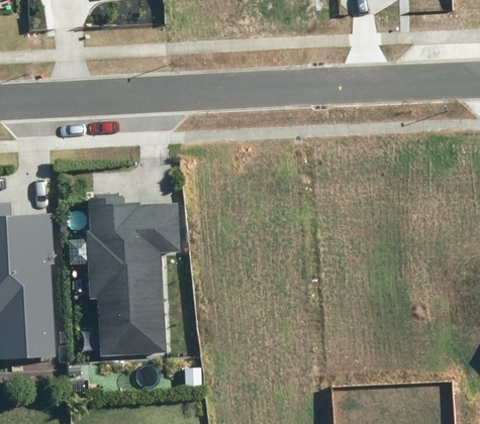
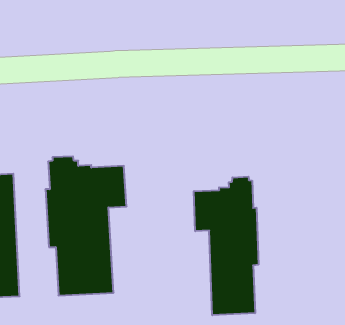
building: none -> [194,177,258,315]

